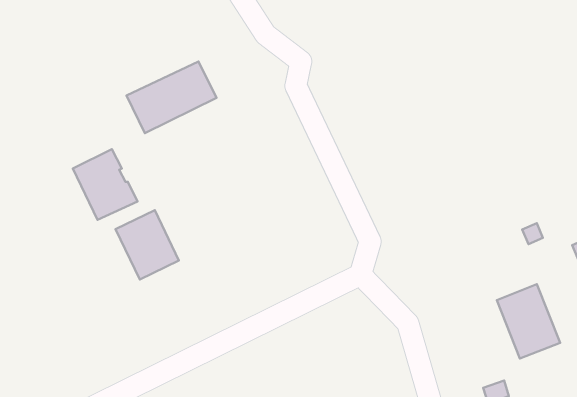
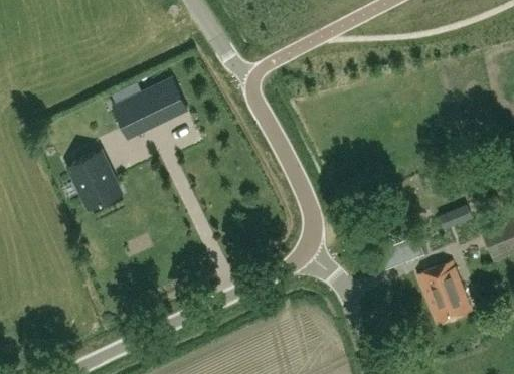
building: [116,210,179,279] -> none

